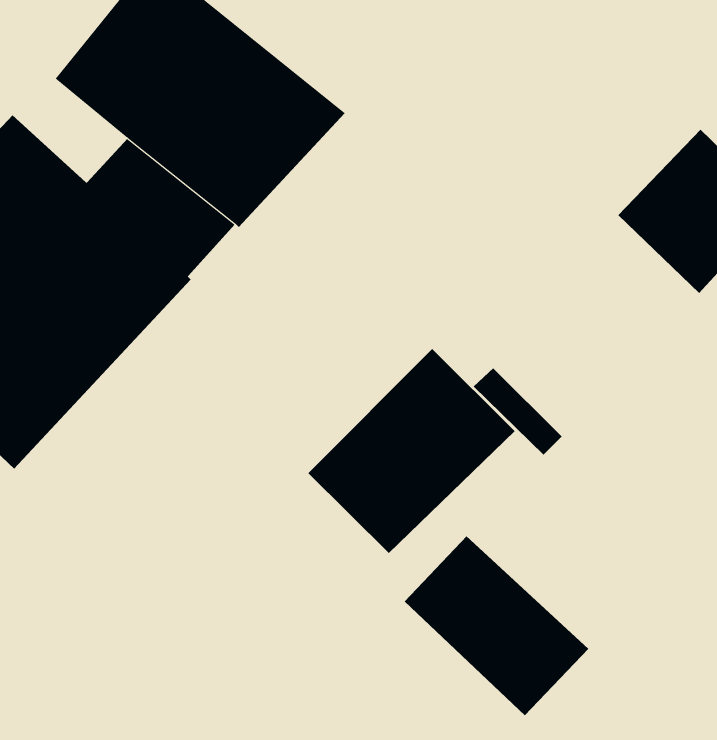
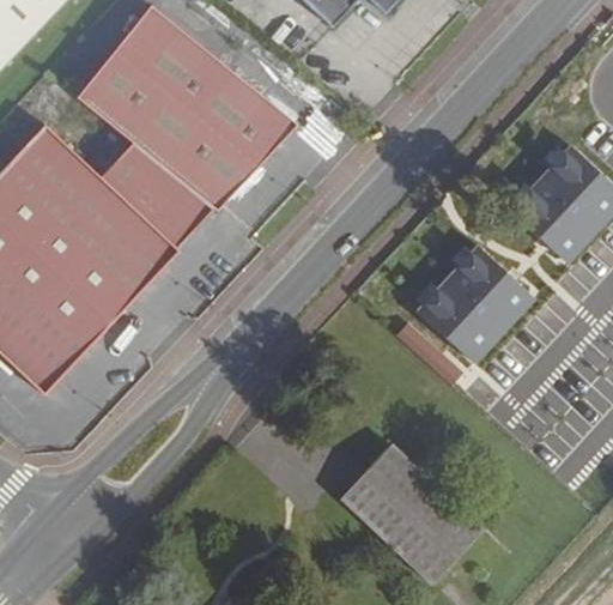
building: none -> [409,232,538,361]
building: [308,348,515,554] -> none

